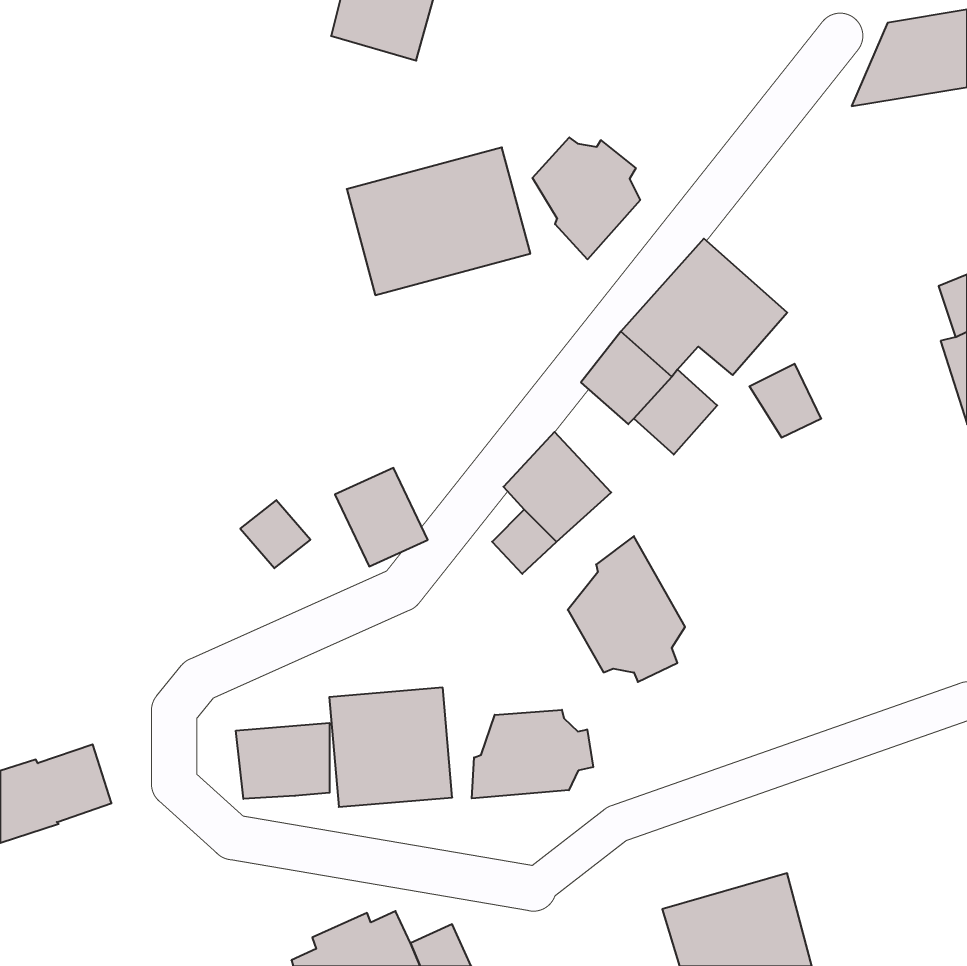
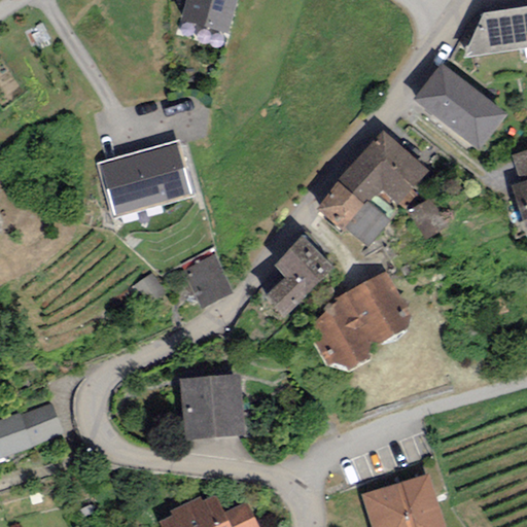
building: none -> [413,63,508,151]
building: [532,137,640,259] -> none
building: [347,147,530,295] -> [95,139,195,219]
building: none -> [345,271,412,344]
building: [472,710,593,798] -> none
building: [236,723,330,799] -> none

